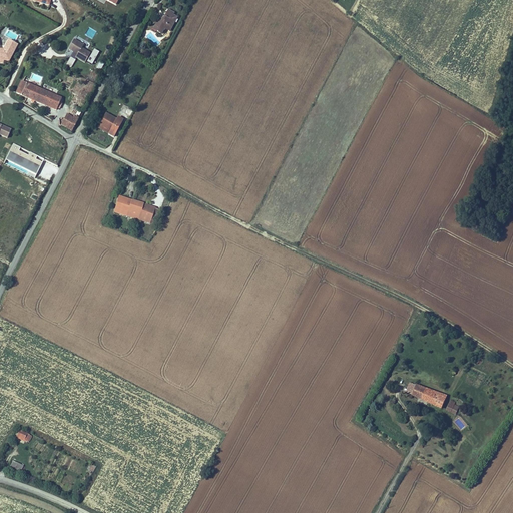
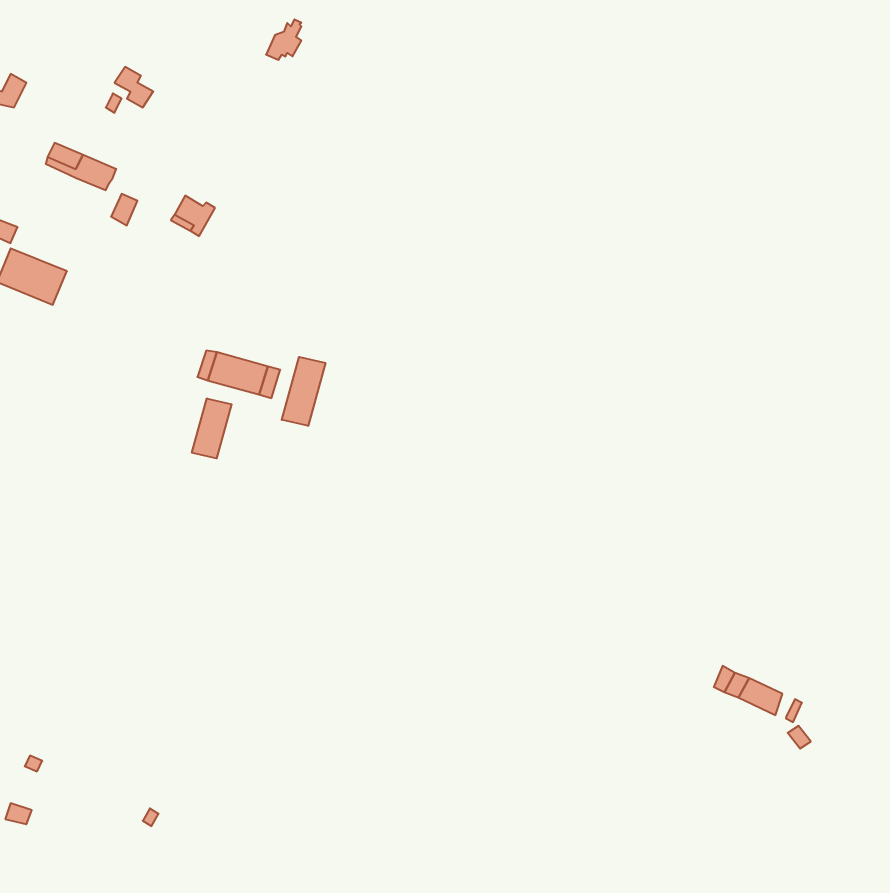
building: none -> [282,357,325,426]
building: none -> [192,398,232,458]

